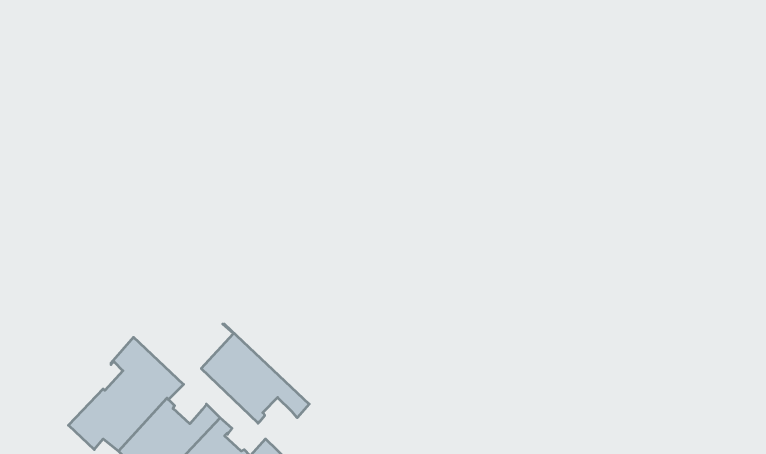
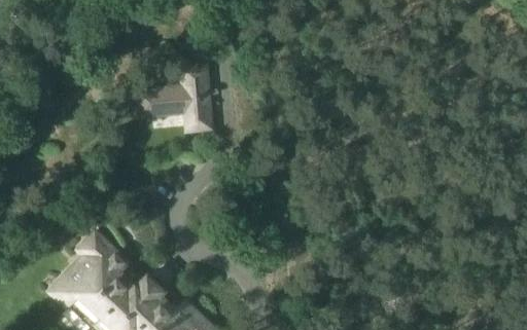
building: none -> [135,64,215,129]
building: [201,324,309,423] -> none

